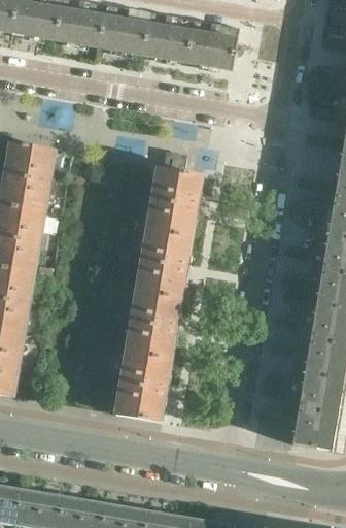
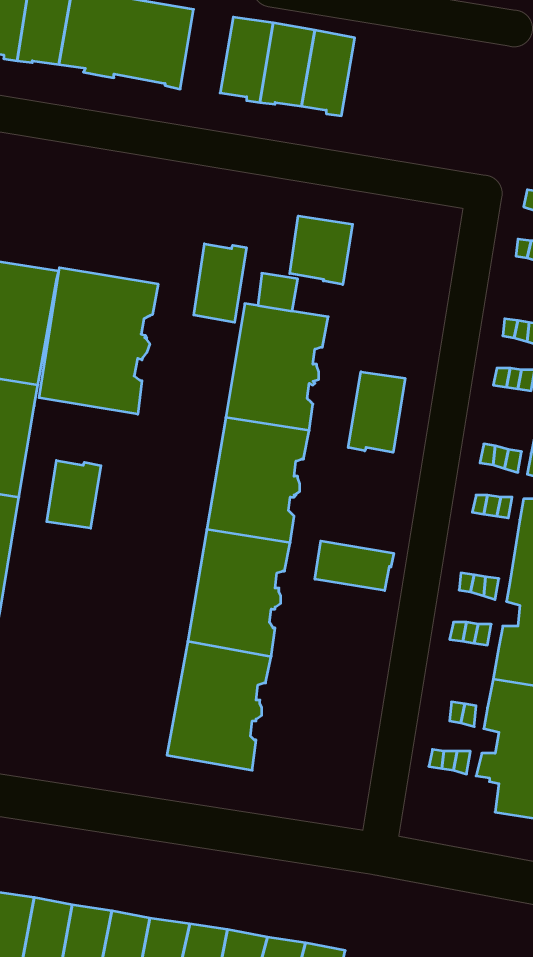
building: [120,10,149,56] -> none
building: [208,26,238,70] -> none
building: none -> [290,216,353,285]
building: none -> [194,244,246,322]
building: none -> [39,268,158,414]
building: none -> [348,372,405,452]
building: none -> [47,460,101,528]
building: none -> [315,541,394,591]

